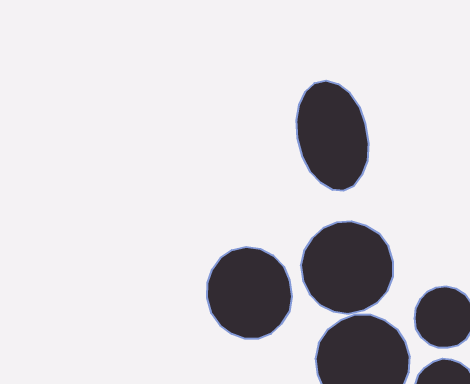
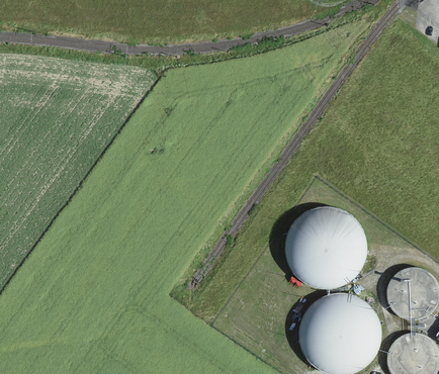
building: [297,81,369,191] -> none
building: [207,247,292,339] -> none

